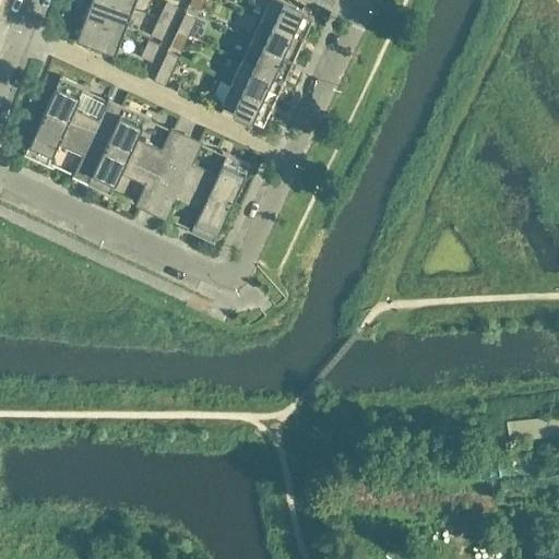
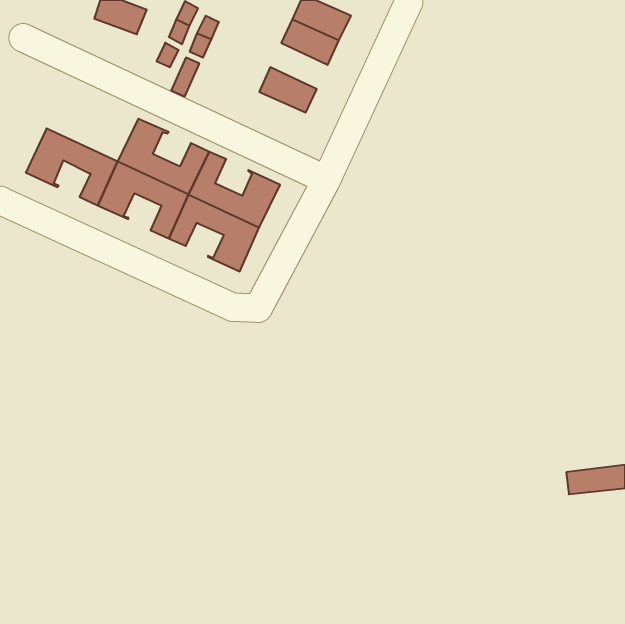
building: [75,17,122,55] -> none
building: [241,39,293,81] -> none
building: [41,78,123,145] -> none
building: [221,83,273,124] -> none

